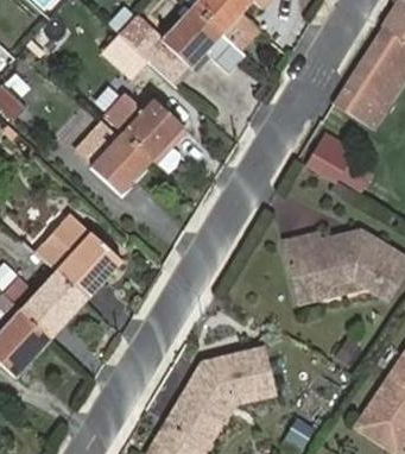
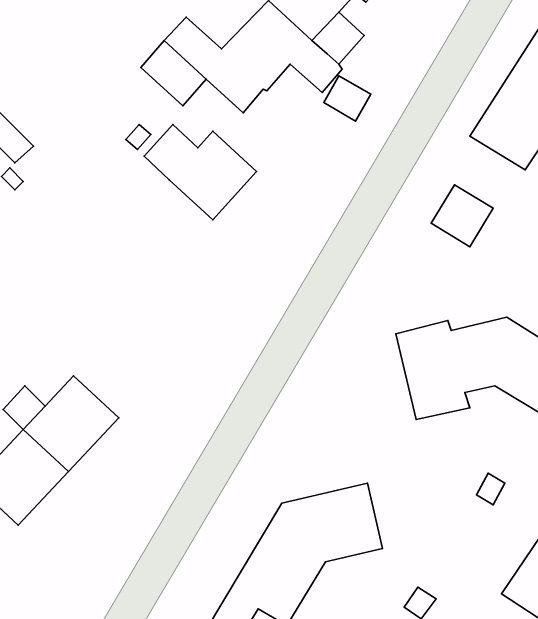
building: [90,132,153,194] -> none
building: [38,216,122,301] -> none

